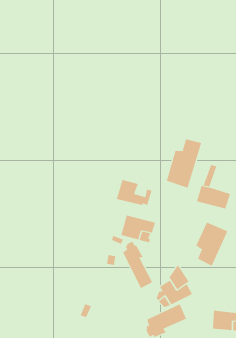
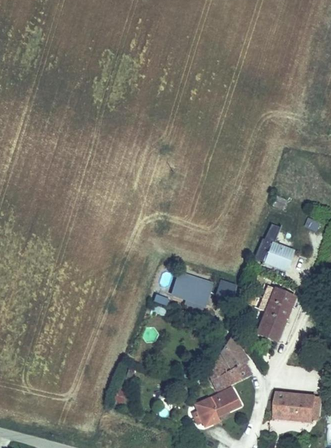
building: [166,138,202,188] -> none
building: [116,179,152,206] -> none
building: [123,241,153,289] -> none

